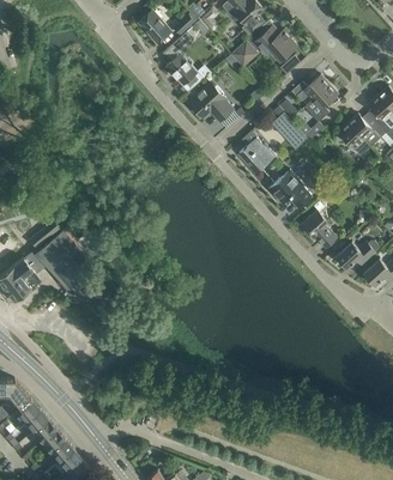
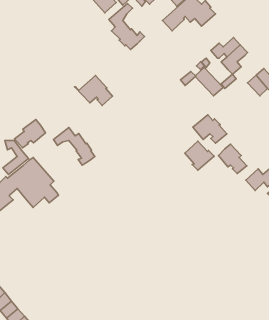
building: [185,84,232,122] -> [75,75,112,106]
building: [238,138,276,175] -> [185,141,214,170]
building: none -> [15,120,46,148]
building: none -> [53,127,95,165]

